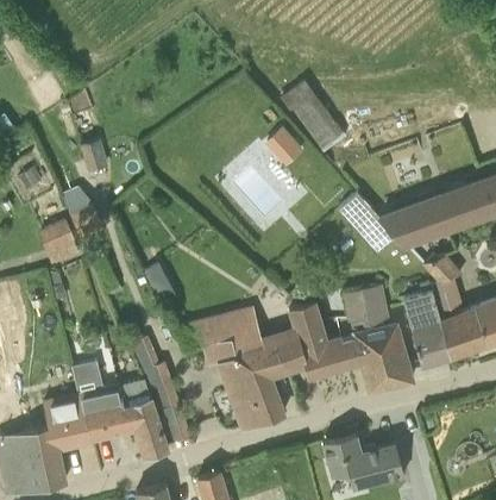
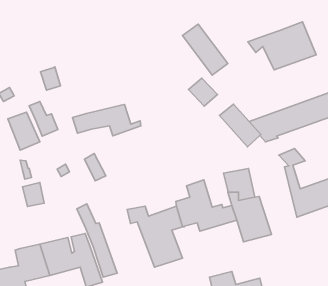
building: none -> [248,22,316,70]
building: [266,124,308,164] -> [189,78,217,106]
building: [403,283,450,364] -> none
building: [177,310,276,355] -> [72,104,141,136]
building: [75,357,106,392] -> [23,183,44,207]

